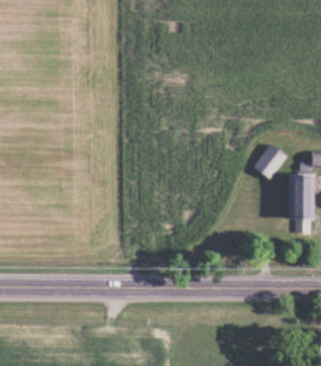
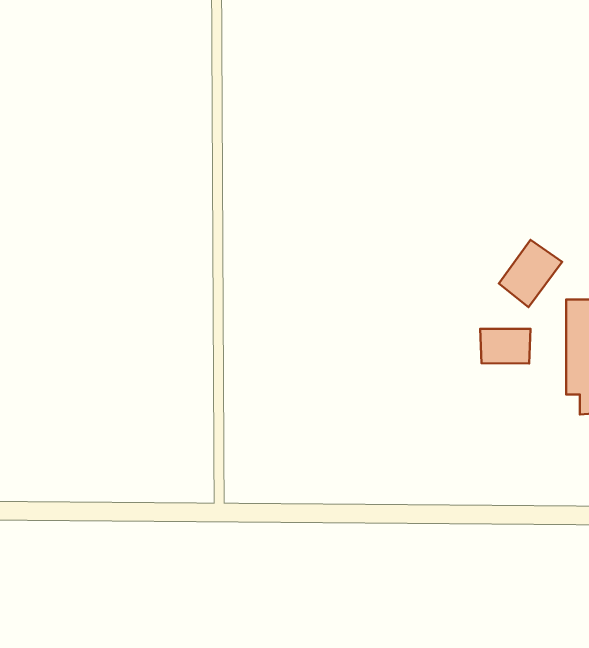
building: none -> [480,329,530,364]

